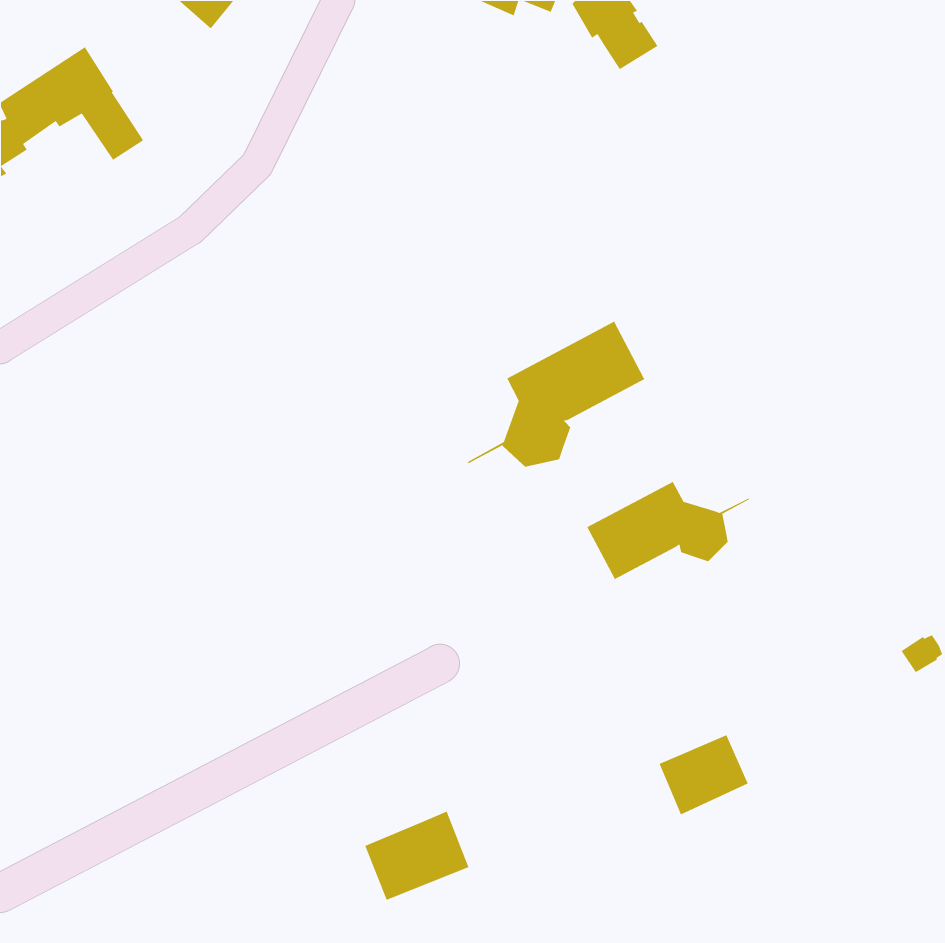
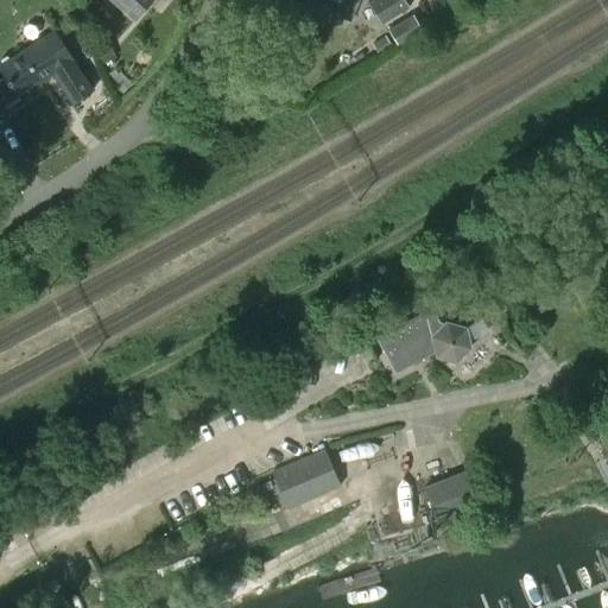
building: [467,321,646,468] -> none
building: [364,810,469,901] -> [270,449,337,507]

